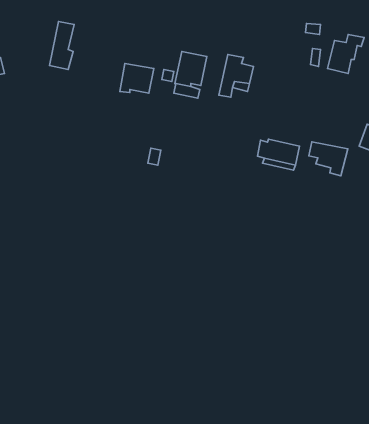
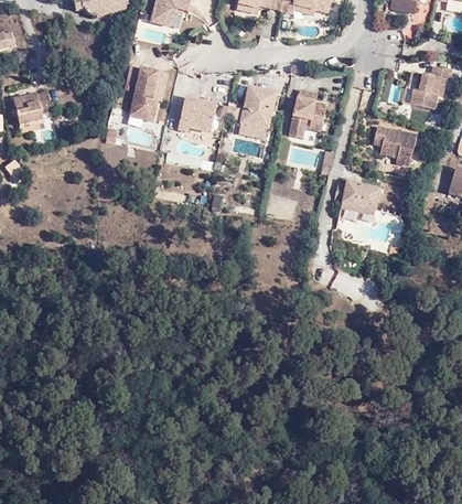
building: [49,22,74,69] -> [131,68,159,121]
building: [309,142,348,176] -> [372,127,415,164]

